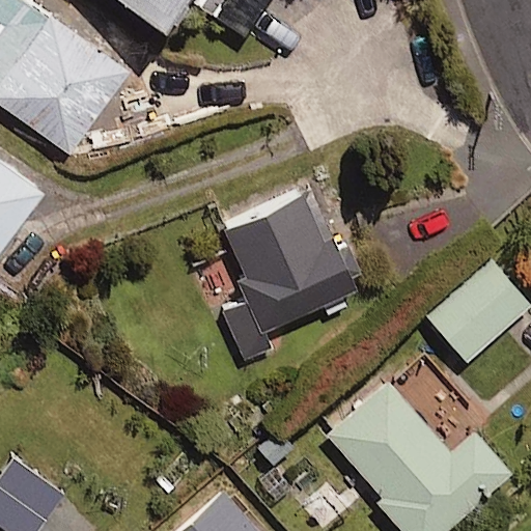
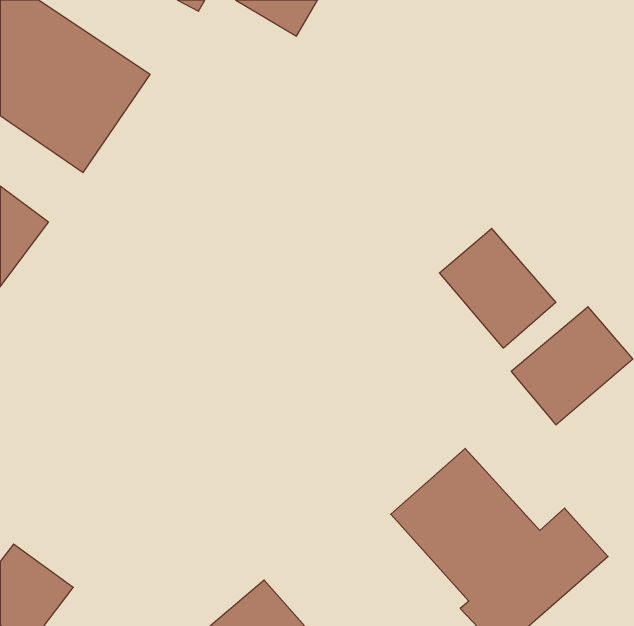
building: [222,184,365,361] -> none
building: none -> [439,228,556,348]

